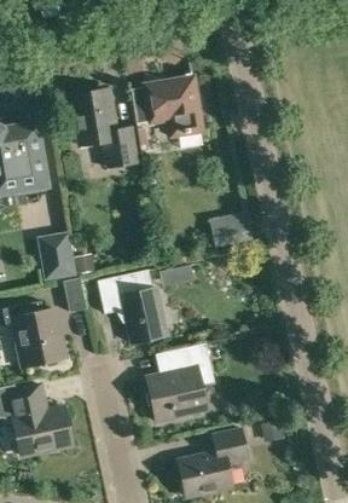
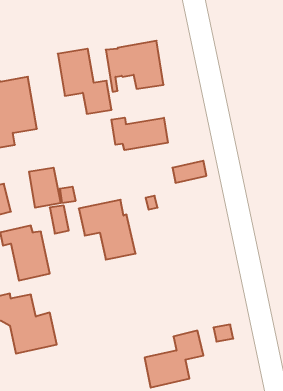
building: none -> [111,118,168,150]
building: [146,343,214,422] -> none

